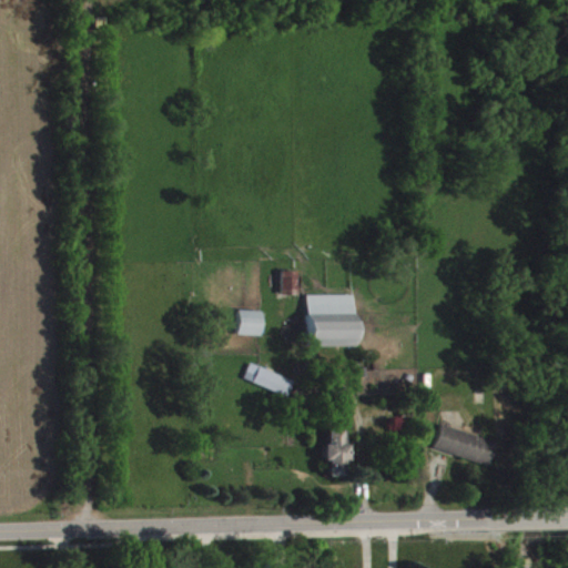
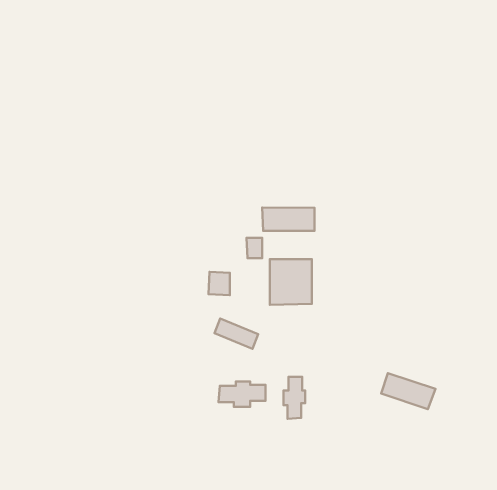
building: none -> [262,207,315,231]
building: none -> [219,381,265,407]

